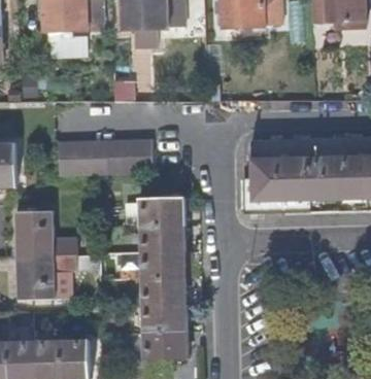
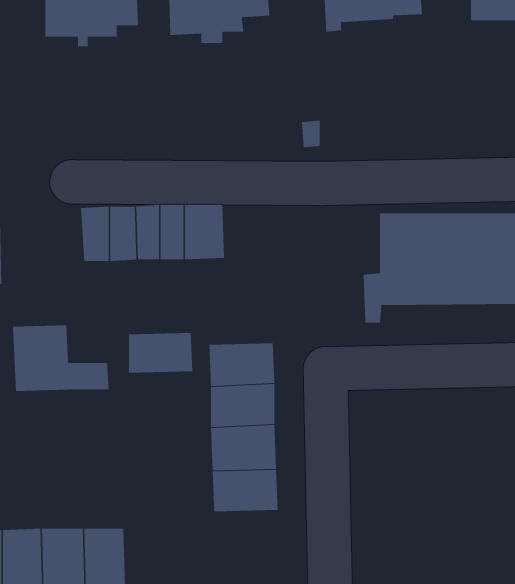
building: [143,200,184,226] -> [128,332,193,373]
building: [21,254,56,299] -> none
building: [146,331,188,356] -> none

